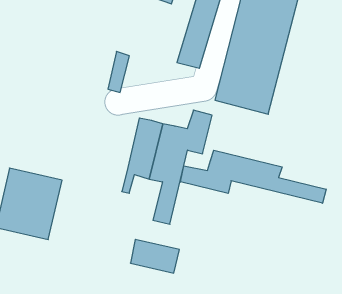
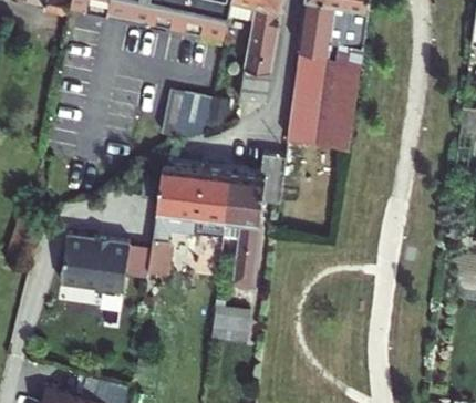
building: none -> [179,99,213,142]
building: none -> [152,164,205,273]
building: [181,150,326,203] -> none

